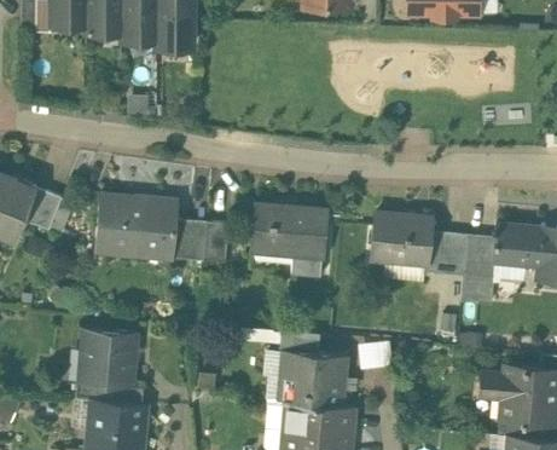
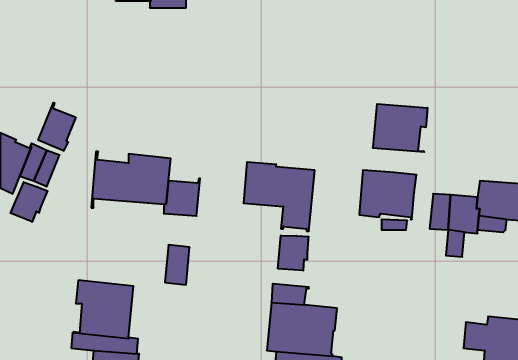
building: none -> [38,103,76,151]
building: none -> [373,104,427,152]
building: [204,223,230,264] -> [165,245,190,285]
building: none -> [10,182,48,222]
building: [424,237,448,275] -> none
building: none -> [278,235,309,271]

